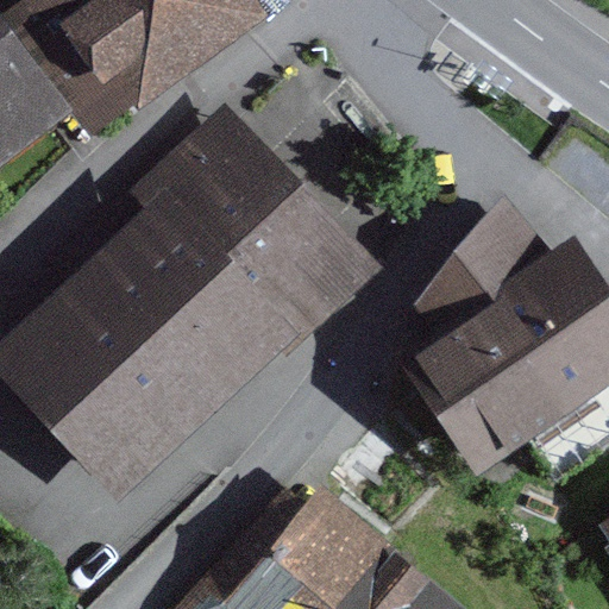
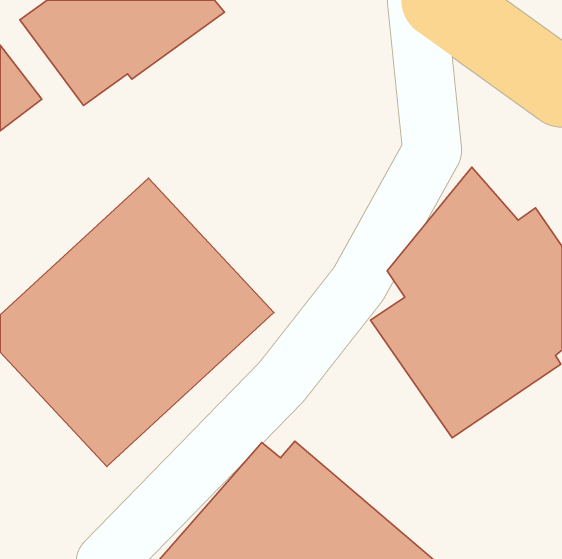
building: [144,103,379,345] -> none

